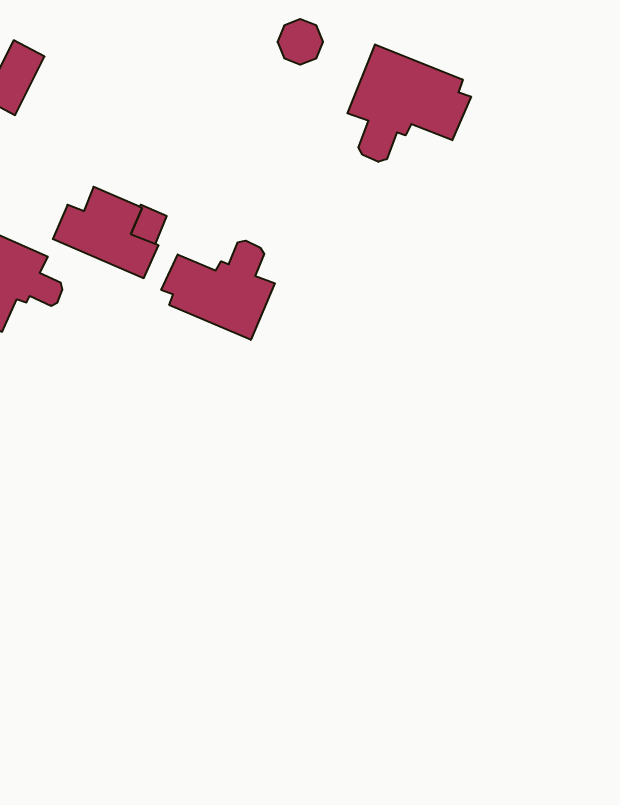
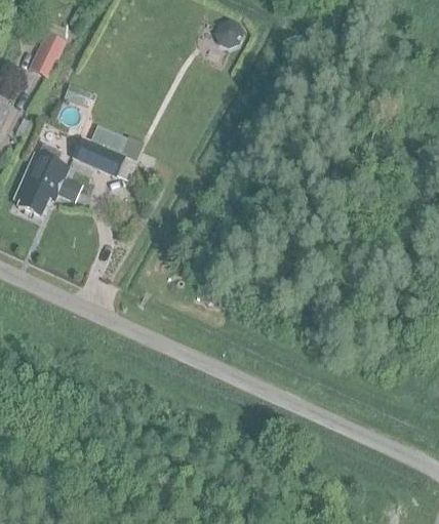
building: [347,44,471,162] -> none
building: [161,241,275,340] -> none

